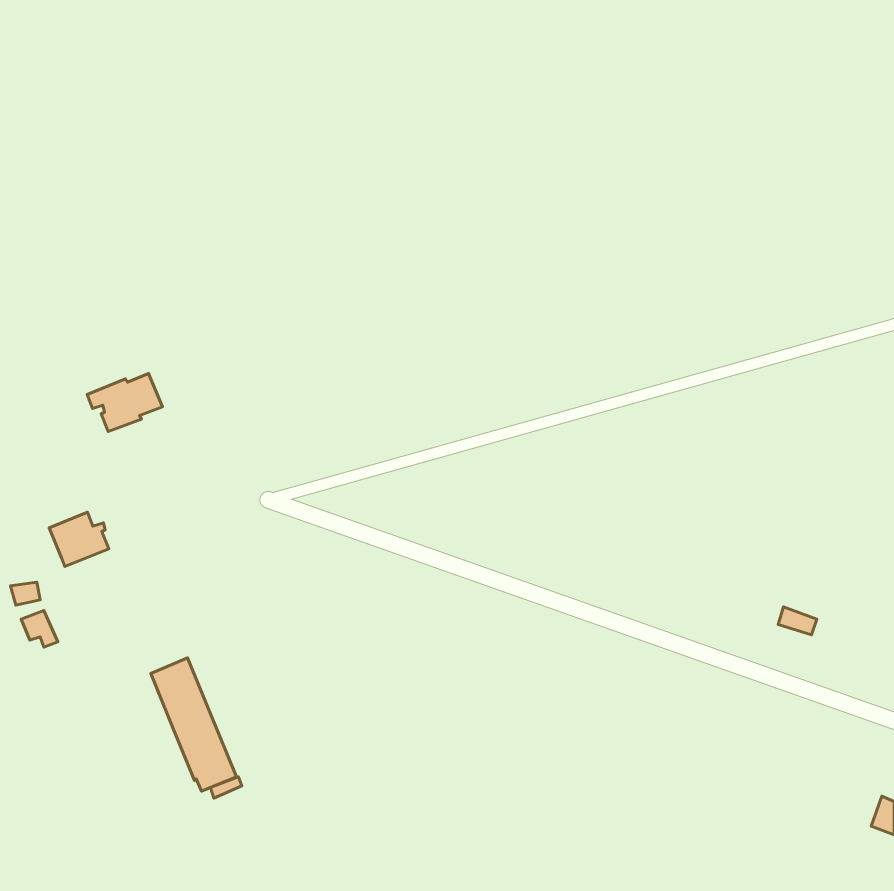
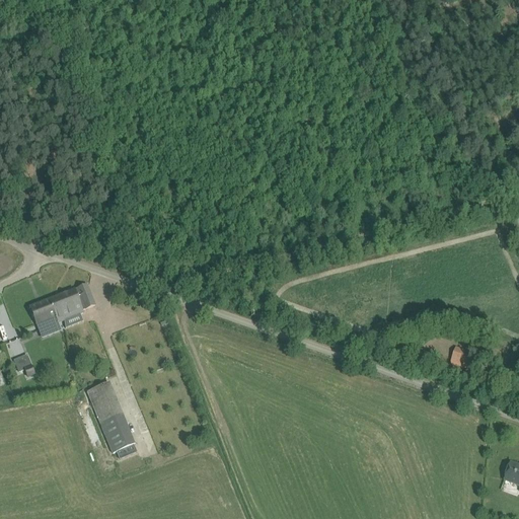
building: [87,374,162,431] -> [51,284,94,317]

